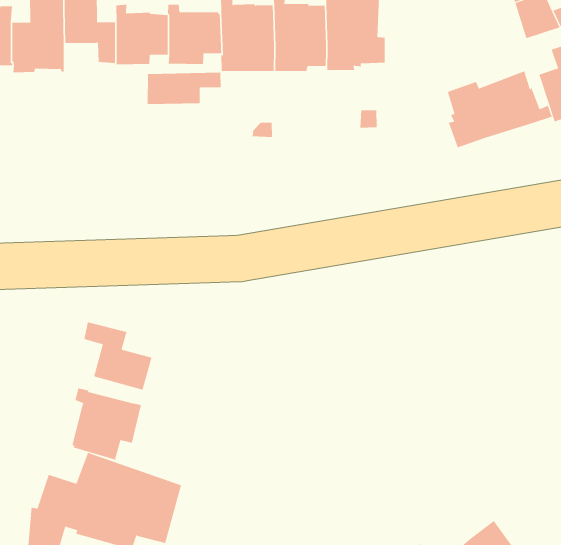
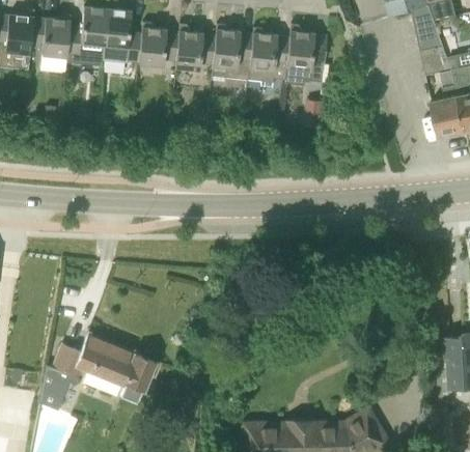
building: [447,71,553,148] -> none
building: [147,71,221,105] -> none
building: [84,322,152,390] -> none
building: [72,388,141,461] -> none

